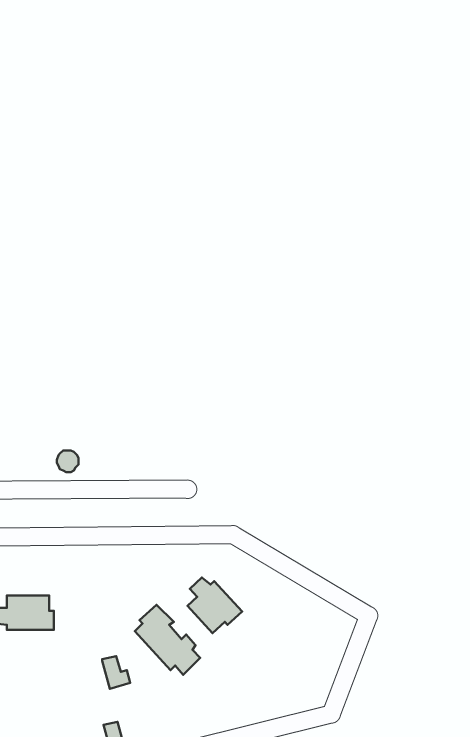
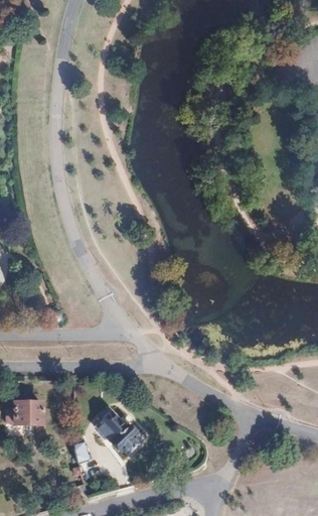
building: [188,578,242,633] -> none

